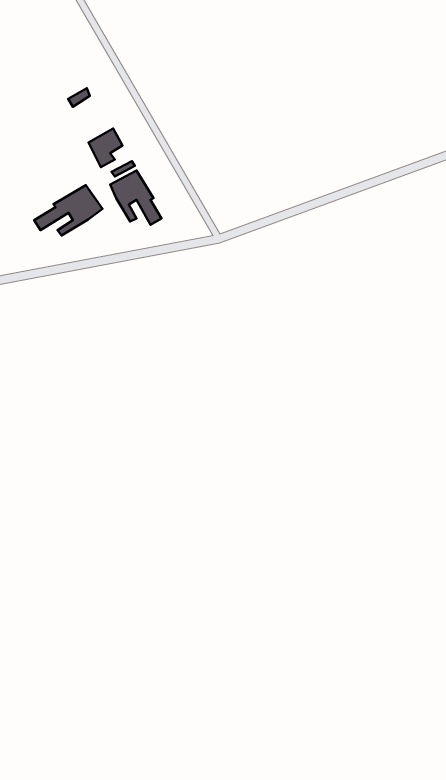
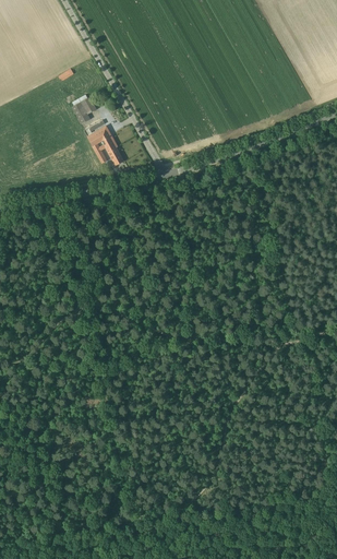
building: [34,185,102,236] -> none

